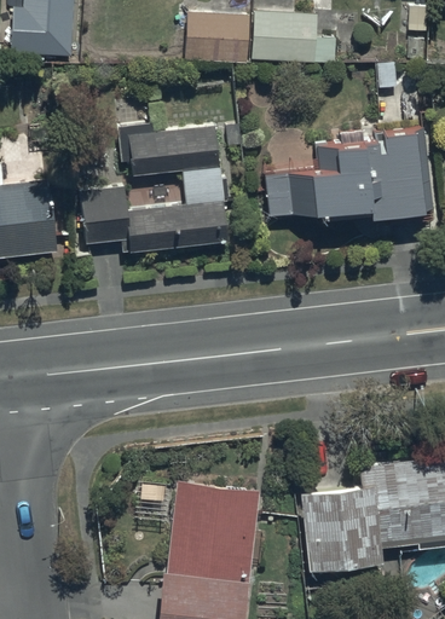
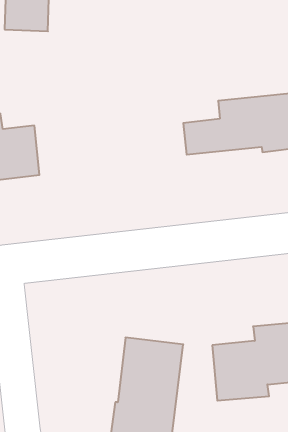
building: [254,11,335,63] -> none
building: [185,12,249,62] -> none
building: [79,122,226,254] -> none

